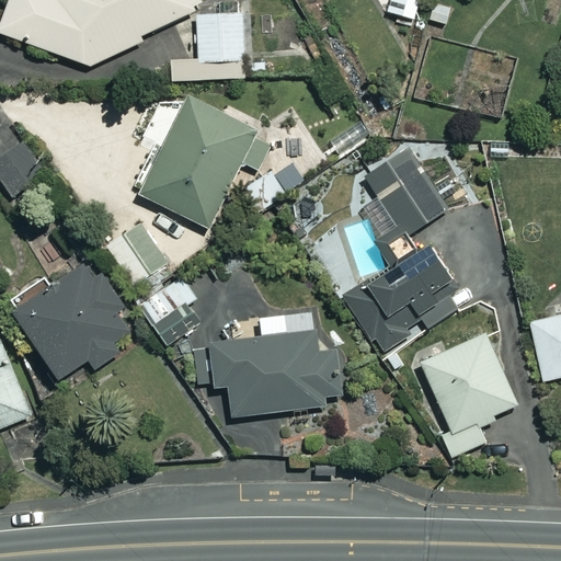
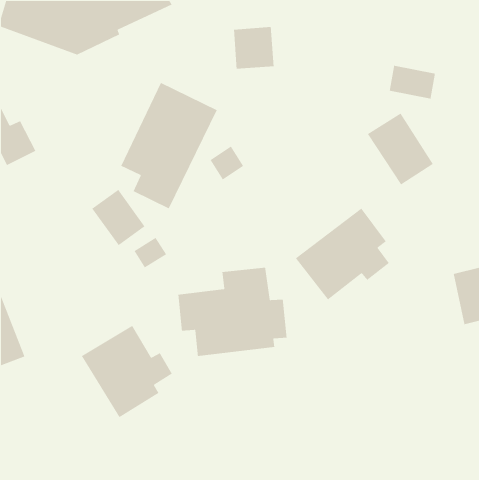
building: [197,11,245,61] -> [233,26,274,69]
building: [365,150,443,236] -> [367,112,434,186]
building: [12,259,130,378] -> none
building: [421,333,518,457] -> none
building: none -> [81,325,173,418]

